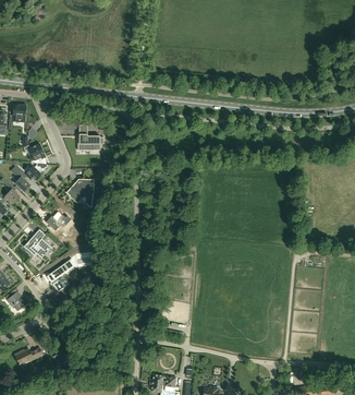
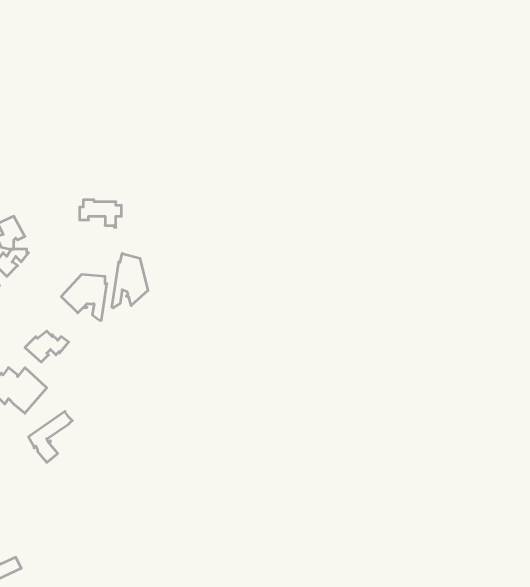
building: none -> [112,253,148,308]

